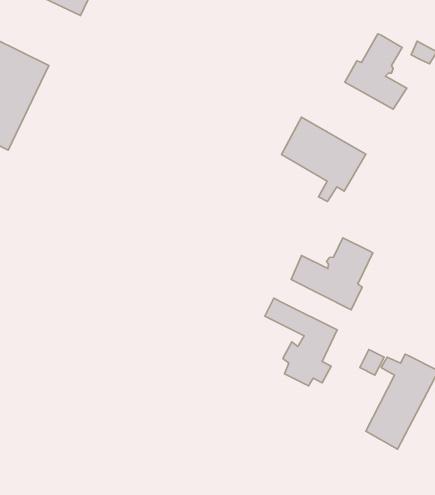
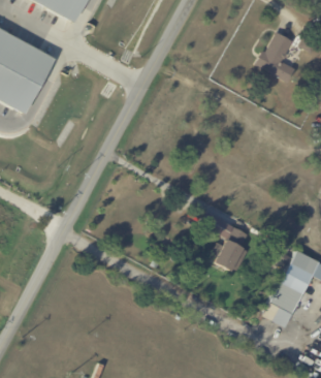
building: [281,117,366,202] -> none
building: [291,238,373,310] -> none

